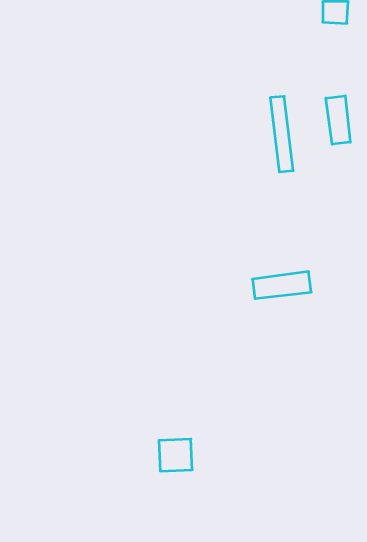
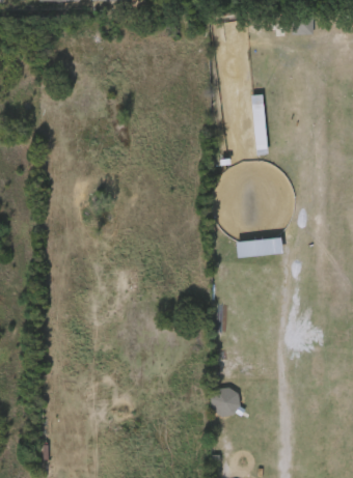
building: [326,96,350,144] -> none
building: [159,439,192,471] -> [209,389,236,415]

